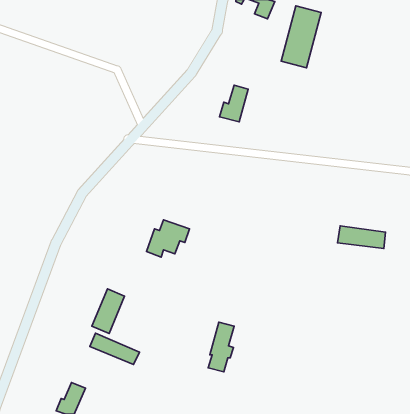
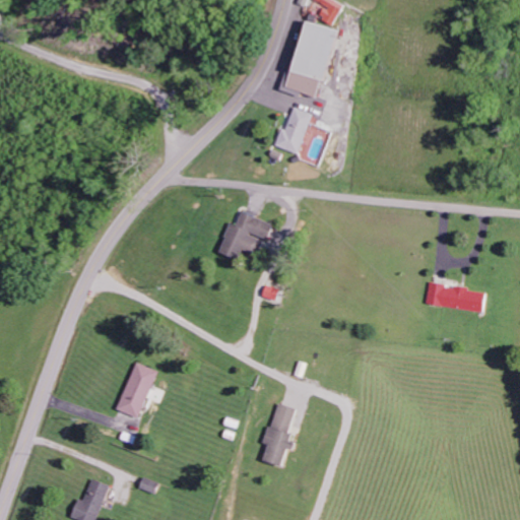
building: [281,6,321,68] -> [288,19,338,96]
building: [146,220,190,257] -> [218,211,272,258]
building: [90,333,140,365] -> none

